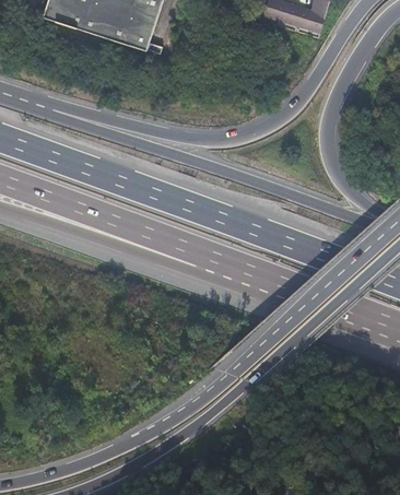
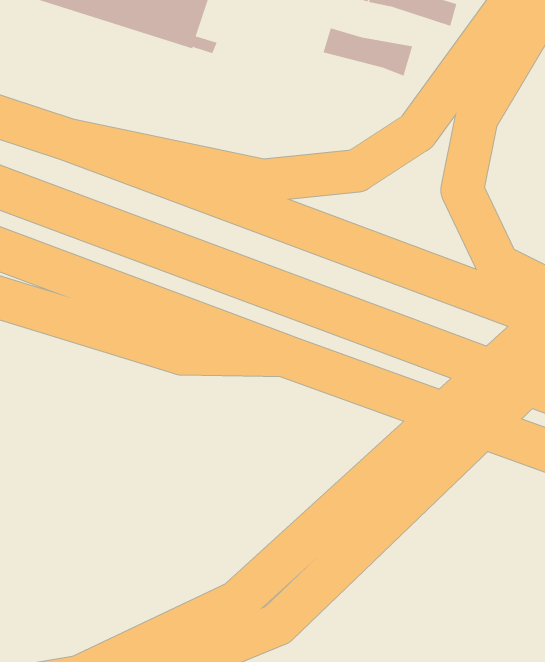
building: none -> [323,28,413,77]

